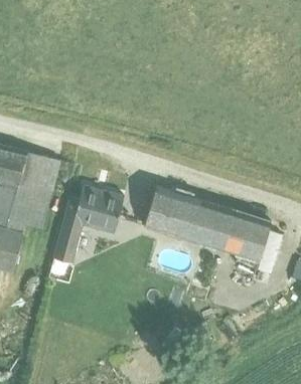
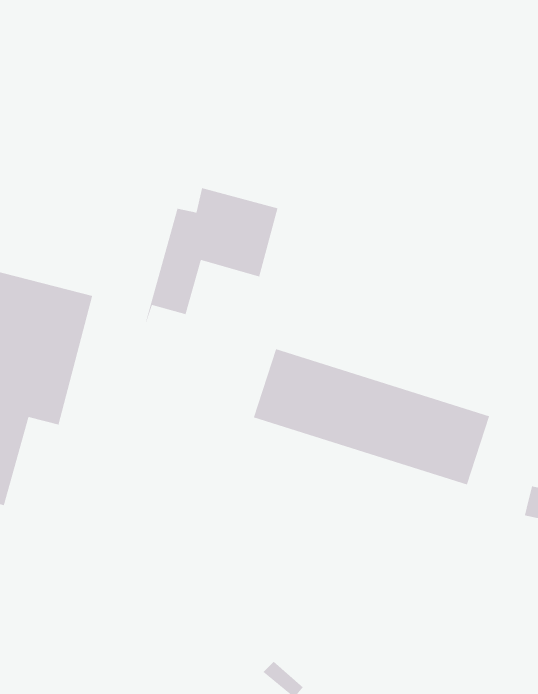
building: [53,186,125,258] -> [145,187,278,323]

